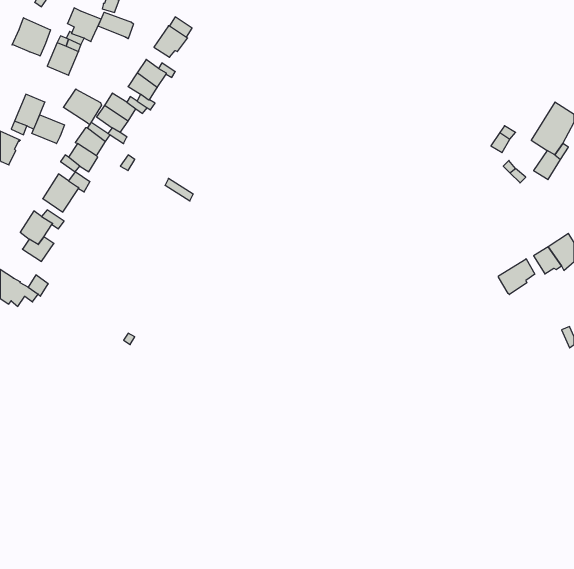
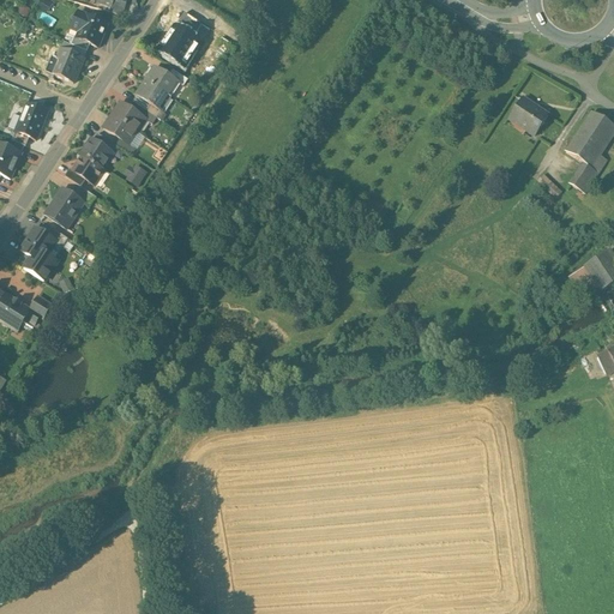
building: [98,12,133,39] -> none
building: [12,18,50,56] -> none
building: none -> [507,95,547,133]
building: [63,89,101,125] -> none
building: [32,115,64,144] -> none
building: [498,259,535,295] -> none

